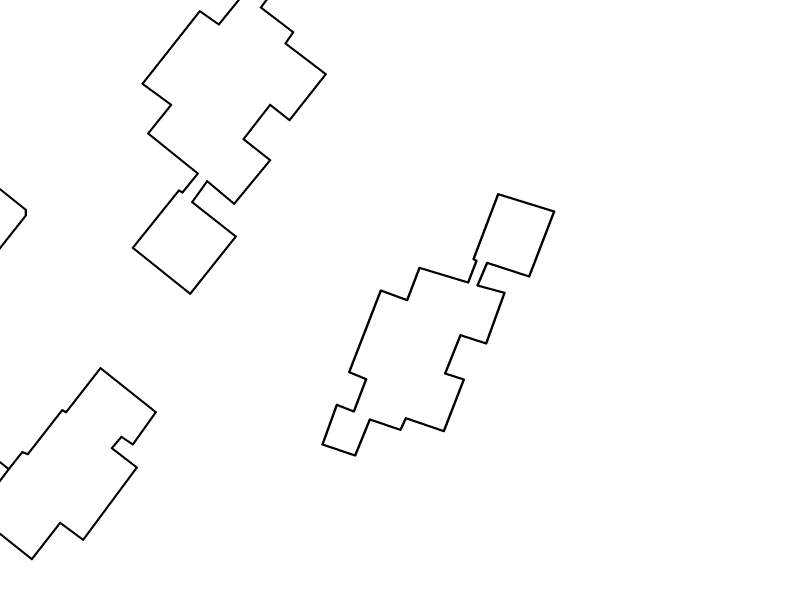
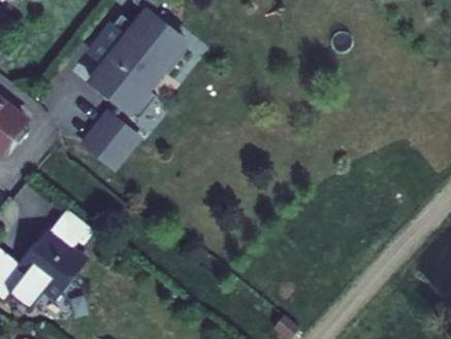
building: [322,194,554,455] -> none

